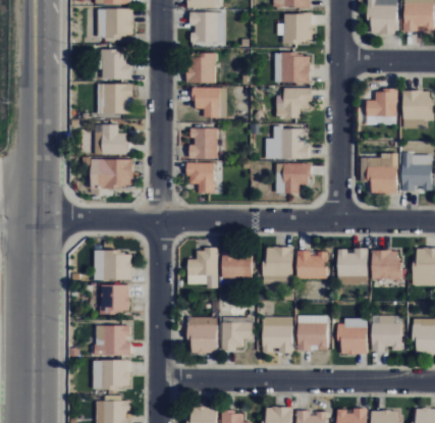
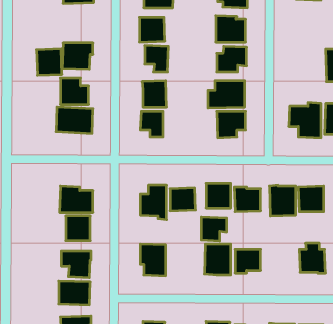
building: [101,49,130,80] -> [36,49,62,75]
building: [366,89,397,116] -> none
building: [337,320,368,354] -> none
building: [222,322,252,350] -> [201,217,227,241]

